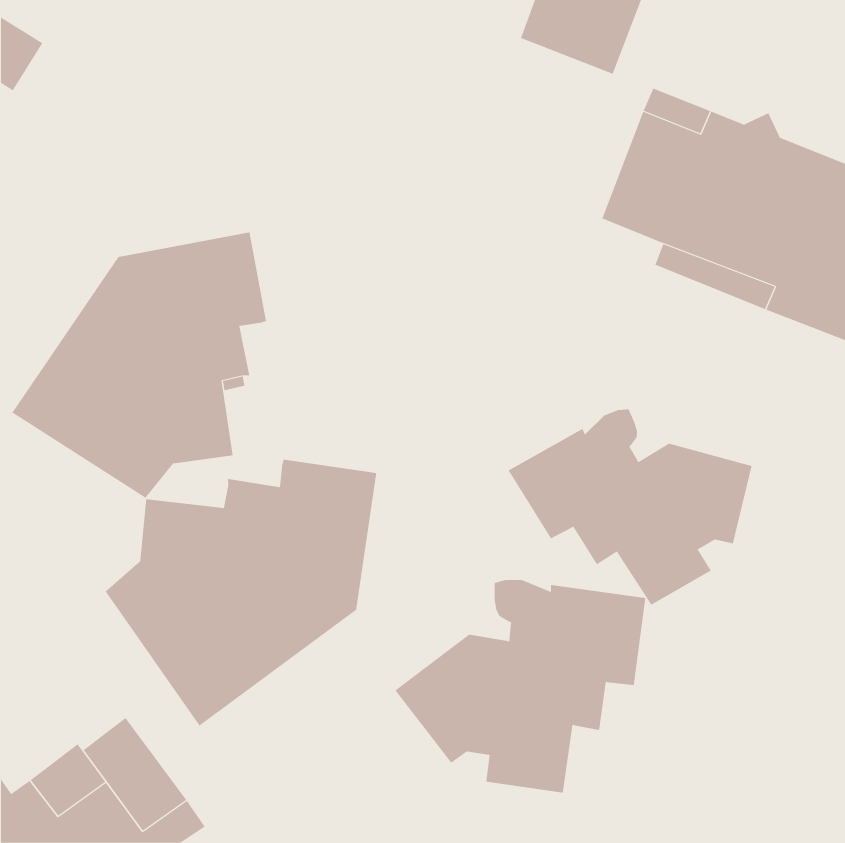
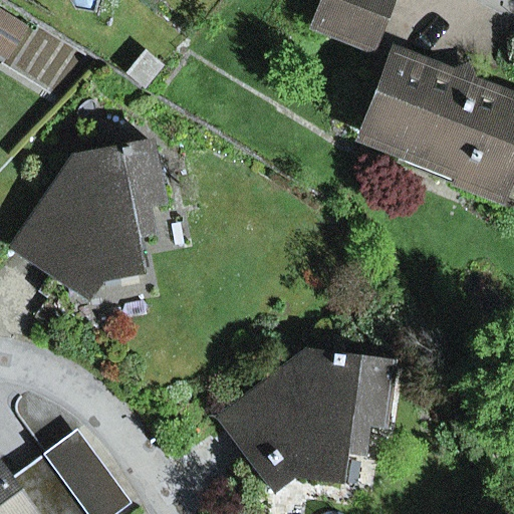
building: [508,408,752,606] -> none
building: [105,459,377,727] -> none
building: none -> [219,353,310,489]

